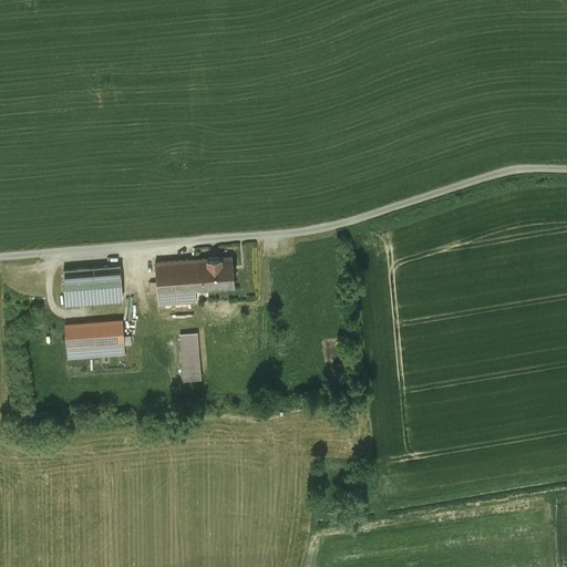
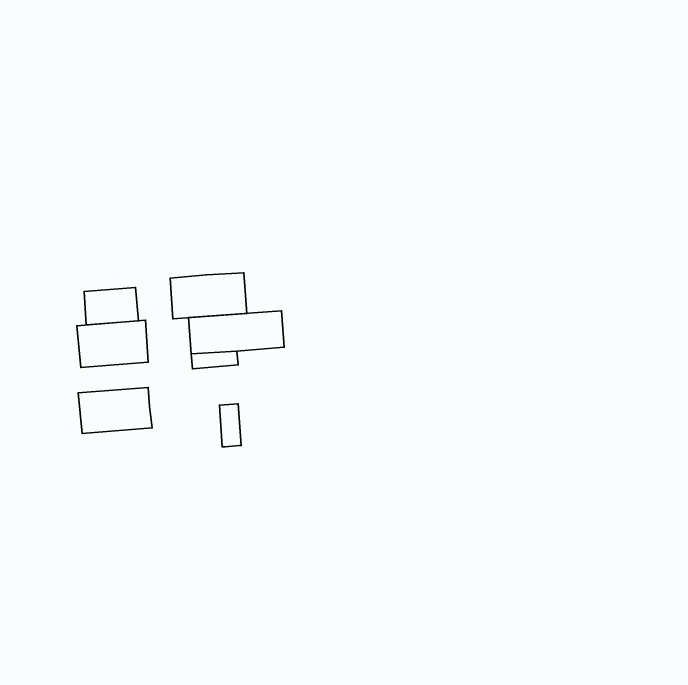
building: none -> [170,273,247,319]
building: none -> [84,287,139,325]

